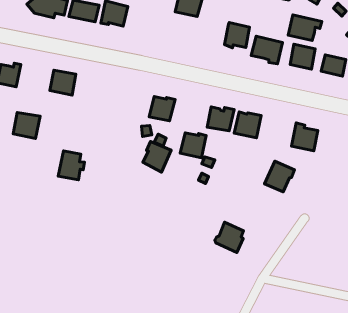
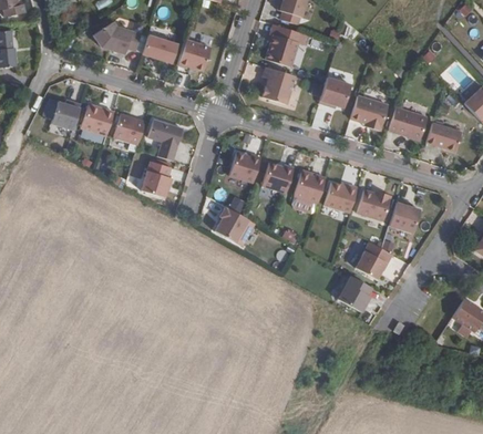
building: [288,15,322,40] -> none
building: none -> [261,66,294,103]
building: none -> [147,118,182,159]
building: [13,112,40,138] -> [80,103,113,135]
building: none -> [356,189,389,220]
building: [180,133,206,158] -> [260,162,292,193]
building: [58,151,84,180] -> [141,161,173,196]
building: [215,222,243,252] -> [336,276,370,312]

